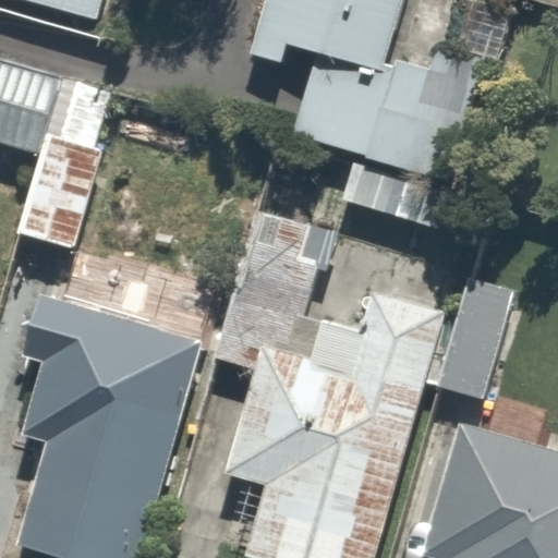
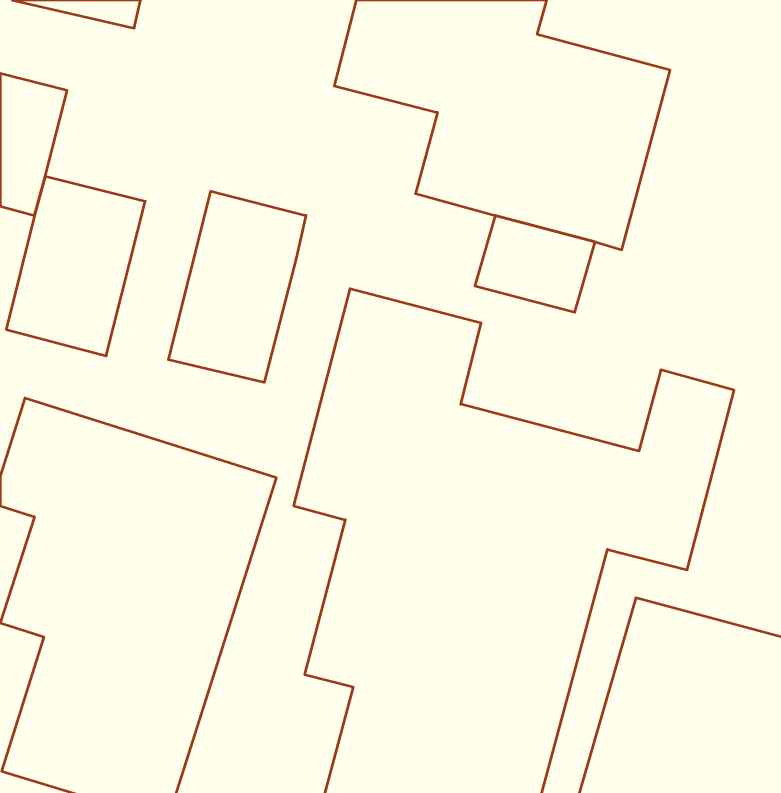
building: none -> [168,191,306,382]

